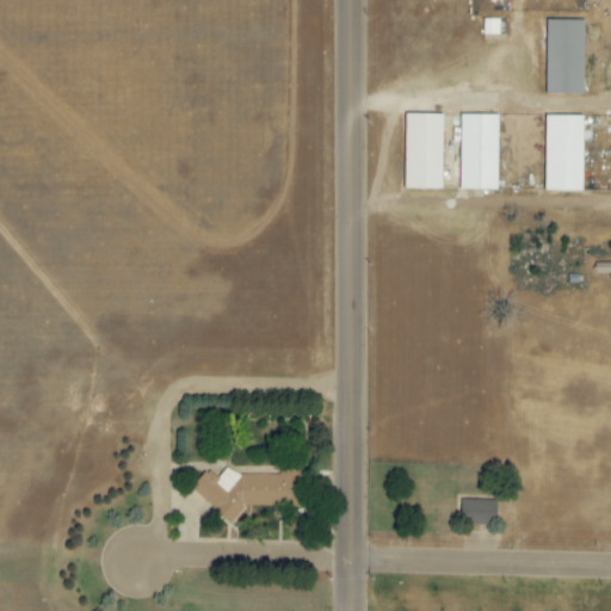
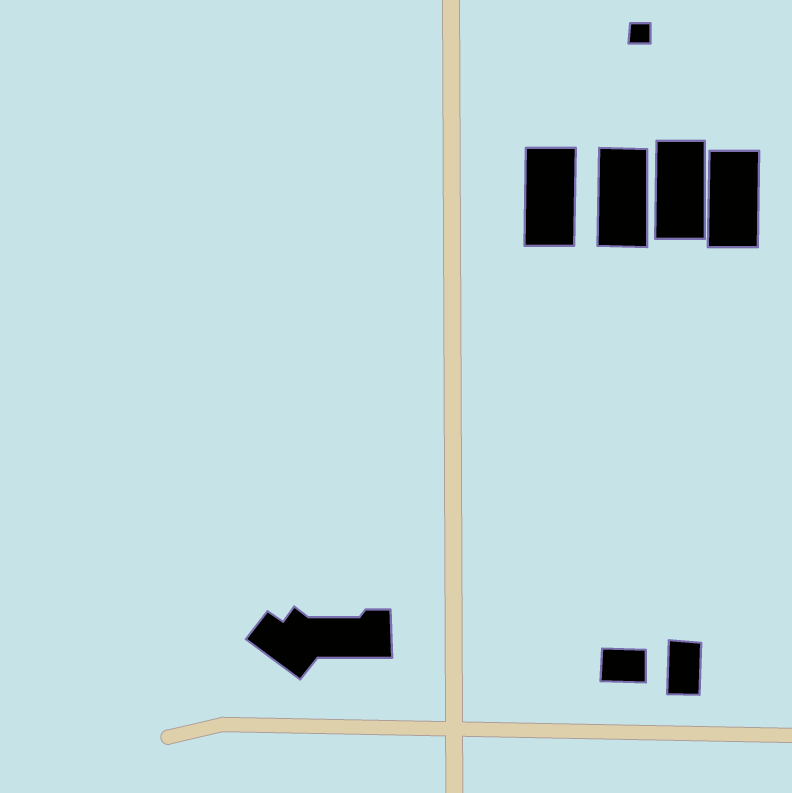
building: [547,19,585,94] -> [655,141,705,239]
building: none -> [667,640,701,695]

